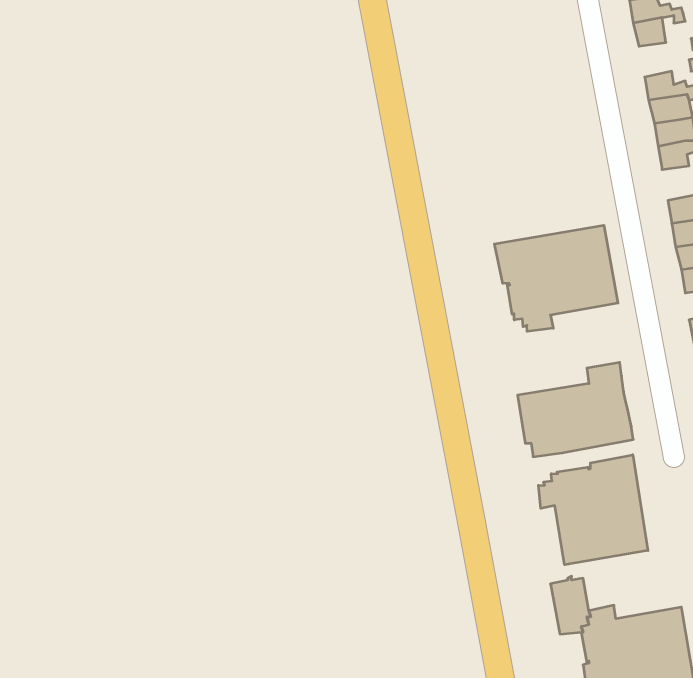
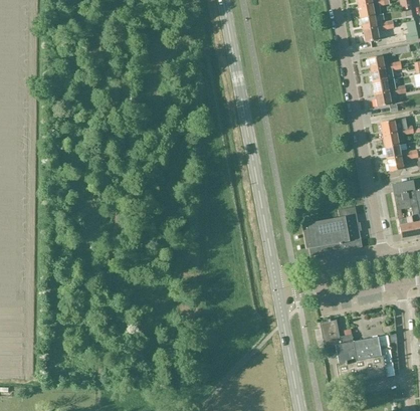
building: [494,225,618,331] -> none
building: [538,455,648,565] -> none

